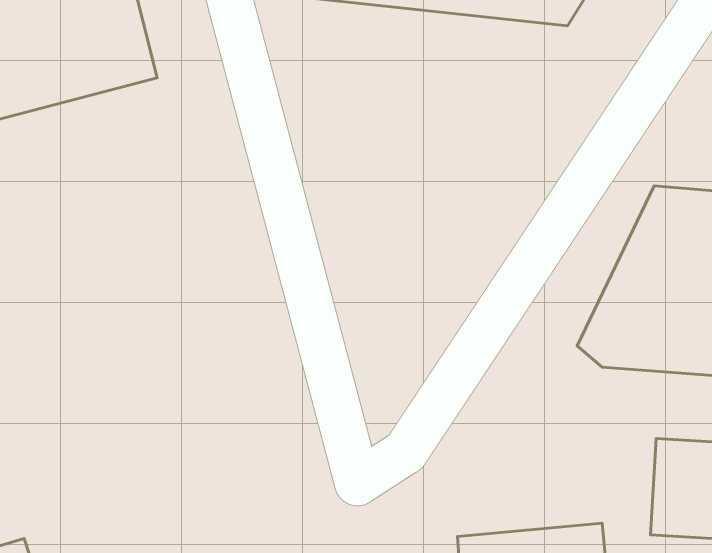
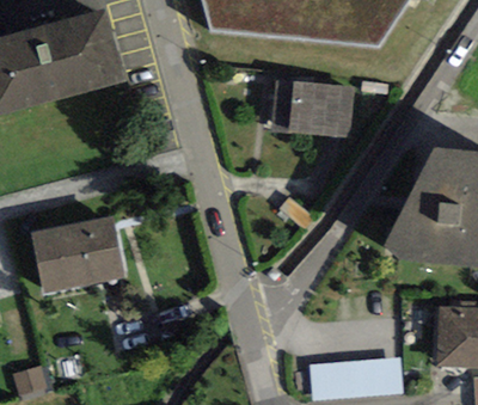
building: none -> [271,79,353,135]
building: none -> [31,216,124,293]

